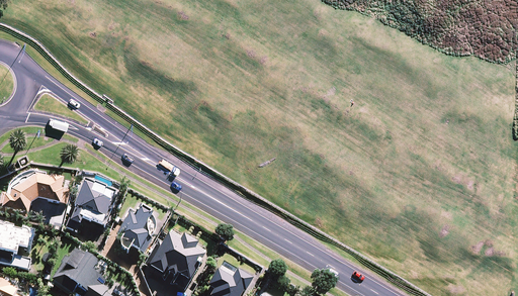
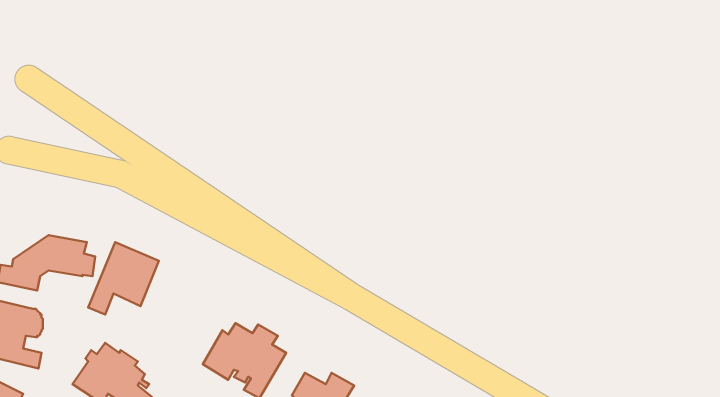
building: [113,206,155,252] -> none

